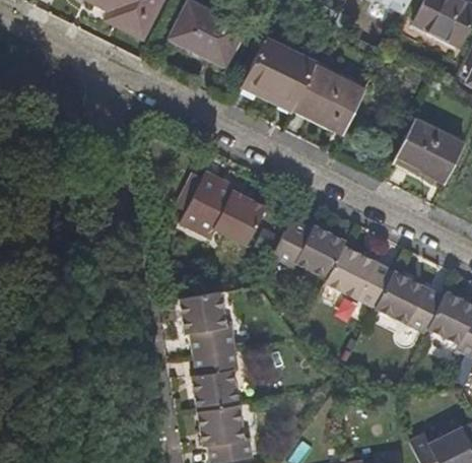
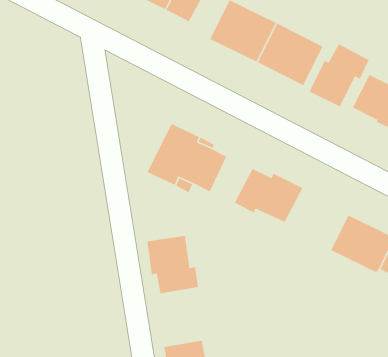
building: none -> [309,43,370,108]
building: [324,246,393,309] -> none
building: [191,348,238,411] -> none

